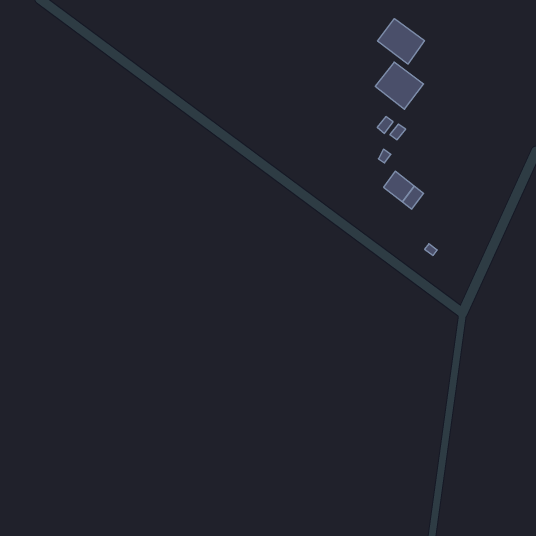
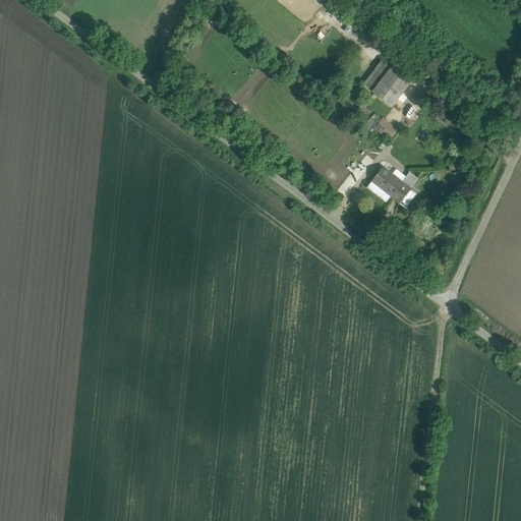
building: [378,19,424,64] -> none

